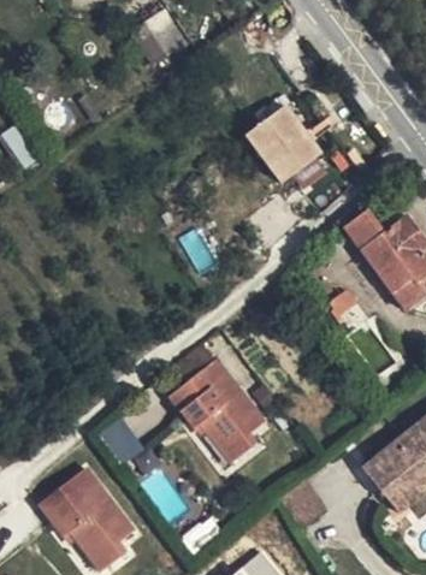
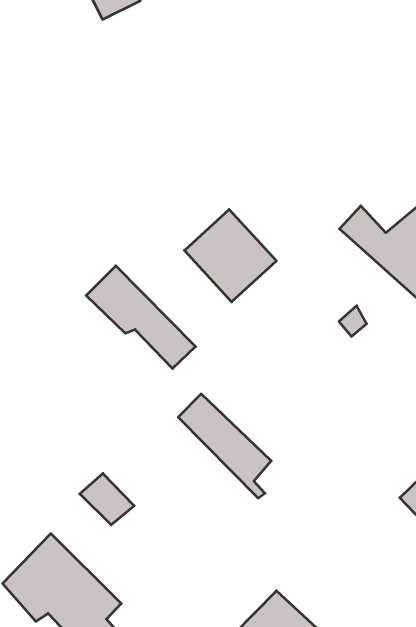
building: [235,111,310,188] -> [184,209,276,302]
building: [167,381,255,470] -> [86,266,196,369]

